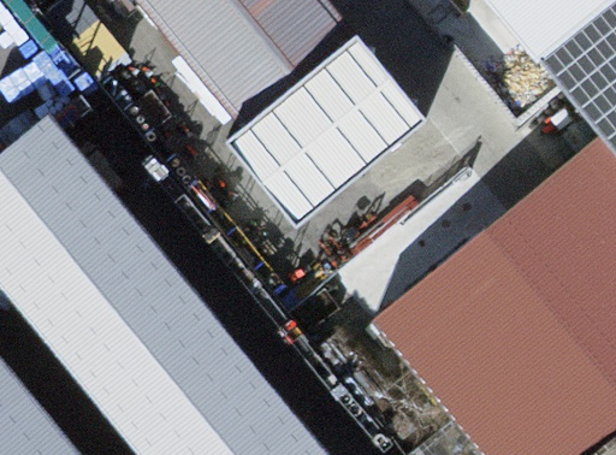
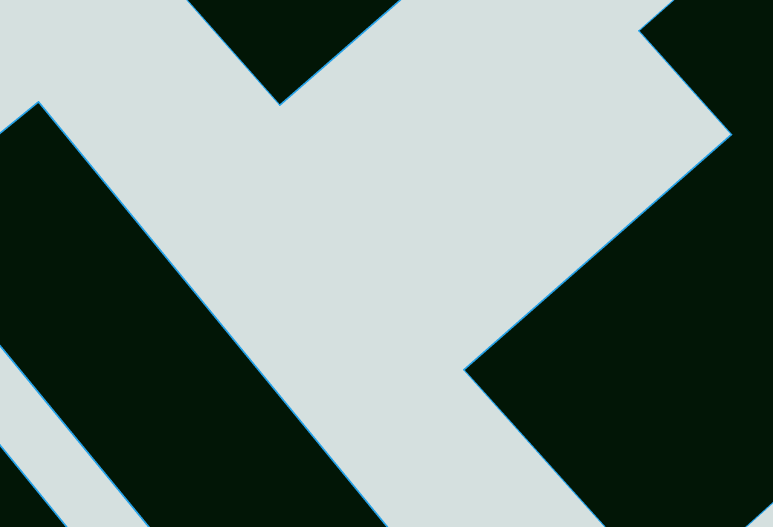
building: [235,43,442,241] -> none

